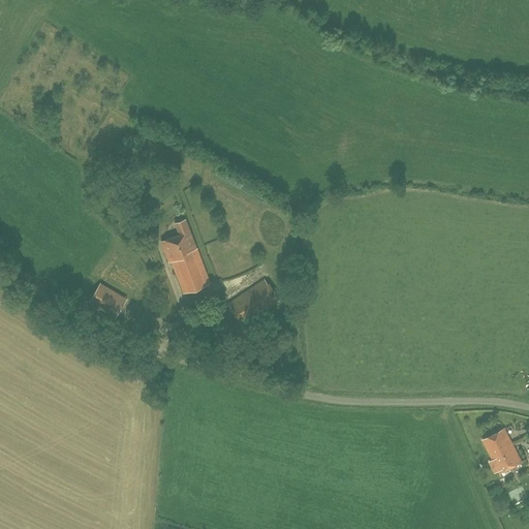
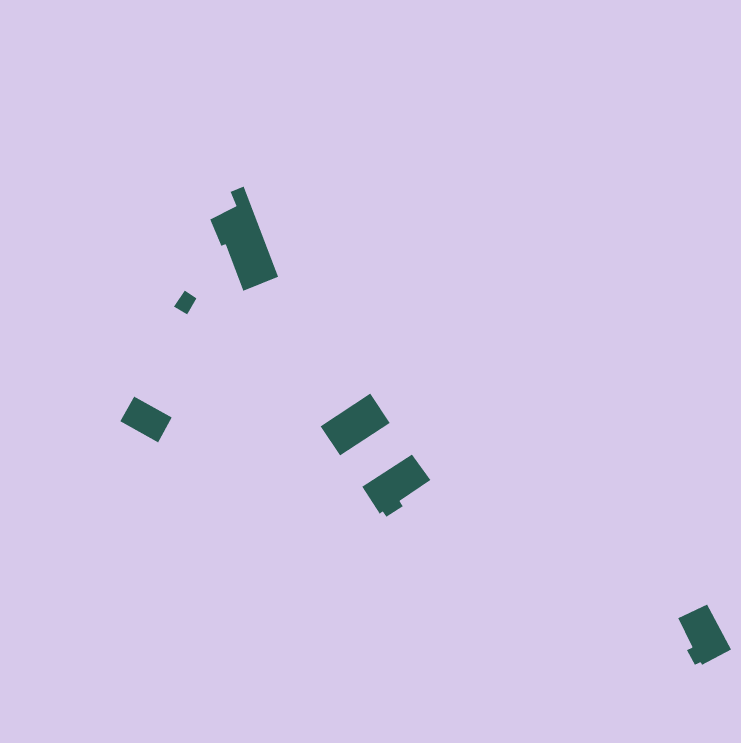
building: [160,218,210,293] -> [209,186,279,292]
building: none -> [361,453,431,518]

